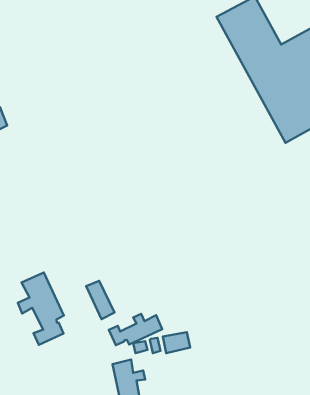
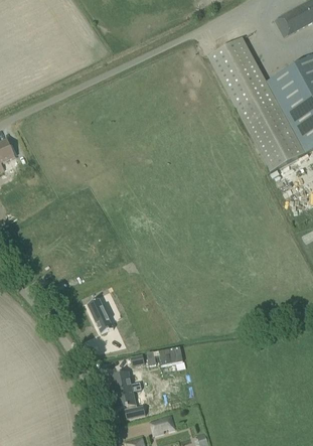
building: [18,273,64,345] -> none
building: [109,314,162,345] -> none

